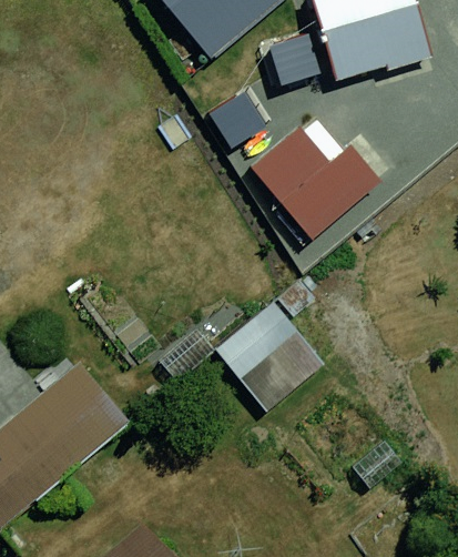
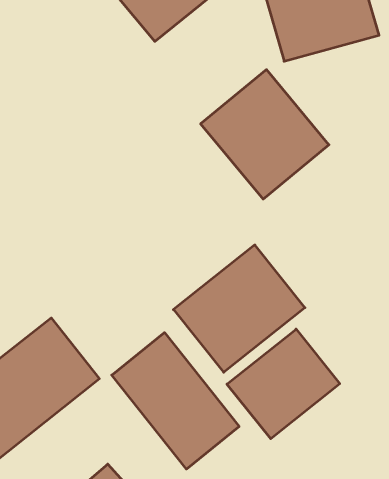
building: none -> [227,329,340,439]
building: none -> [112,333,239,469]

